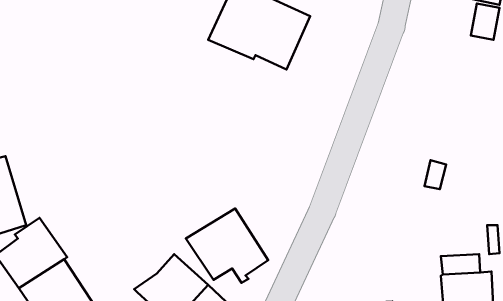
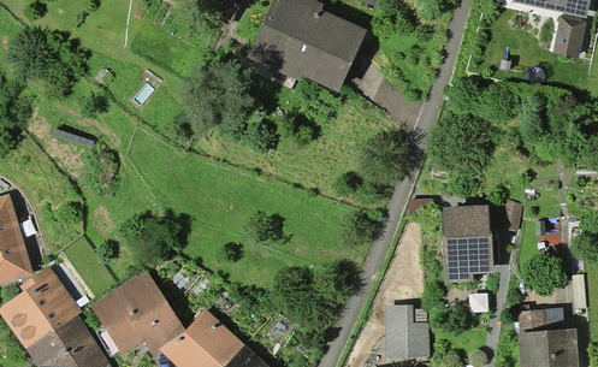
building: none -> [440,205,492,282]
building: [186,209,268,283] -> [89,271,185,357]
building: none -> [384,304,428,357]

